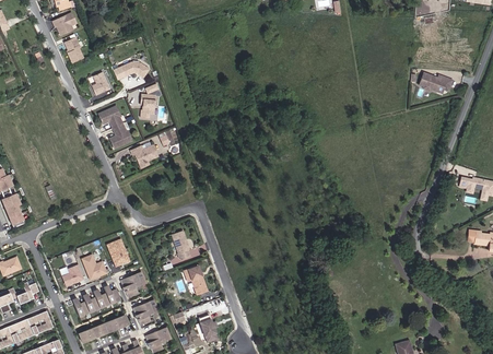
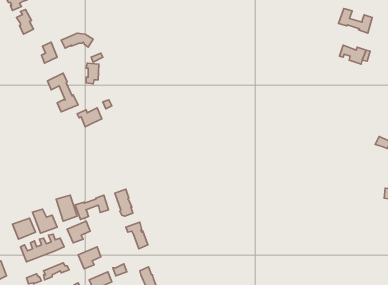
building: none -> [338,8,372,33]
building: none -> [75,195,108,219]

